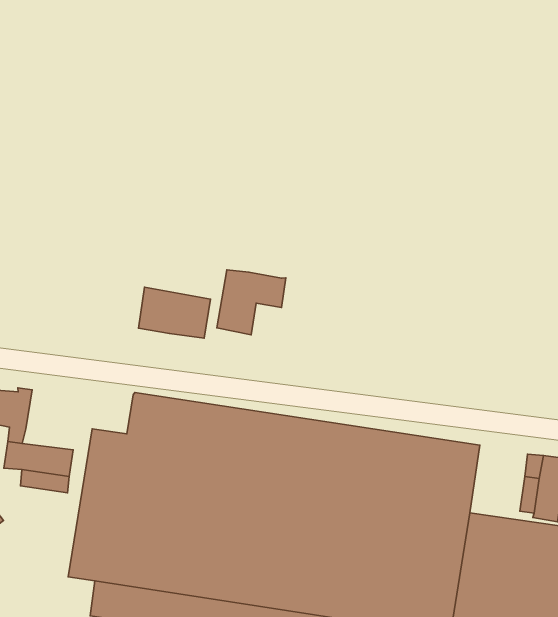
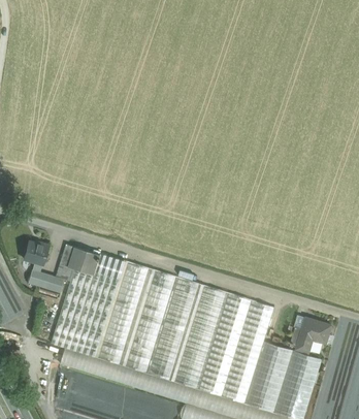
building: [217,270,286,335] -> none
building: [139,287,211,338] -> [60,244,99,275]

